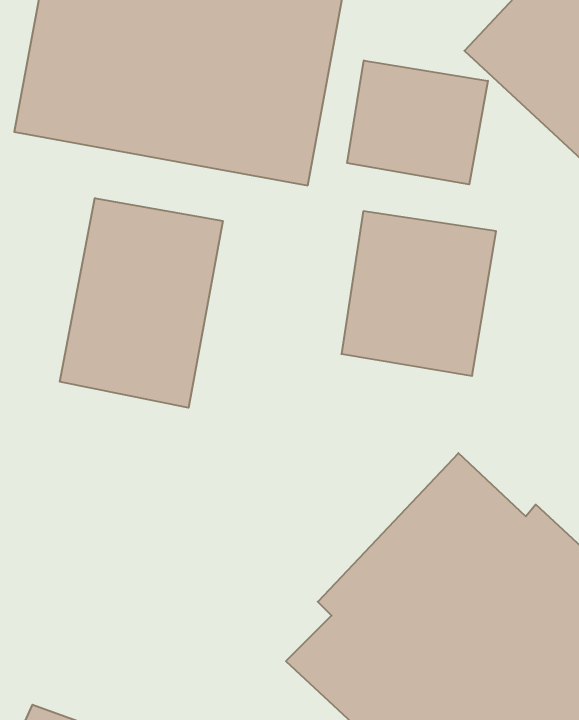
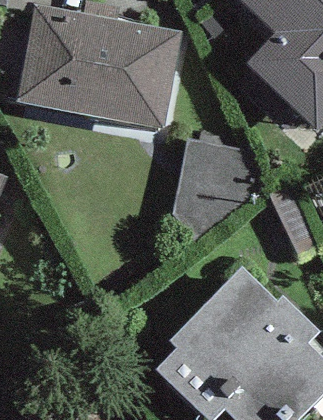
building: [347,60,488,184] -> none
building: [60,198,223,408] -> none

